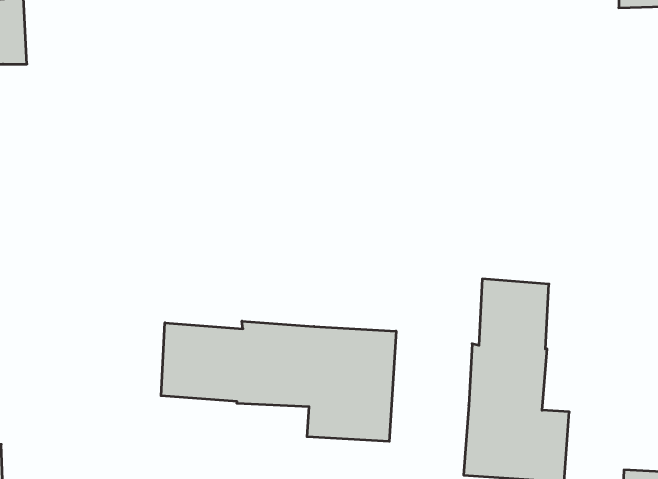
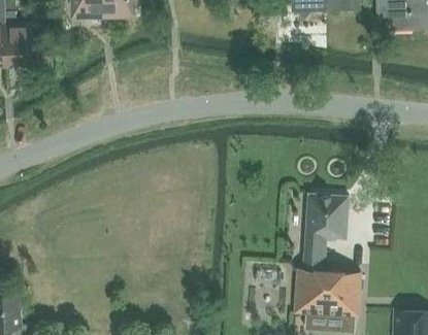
building: [161,321,396,441] -> none

